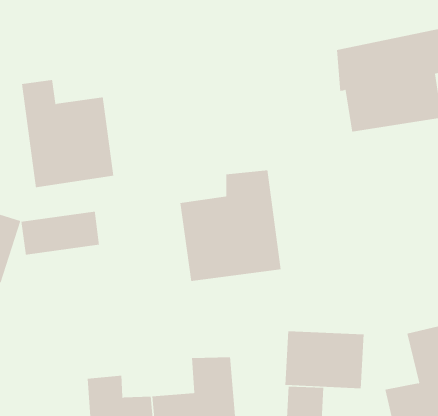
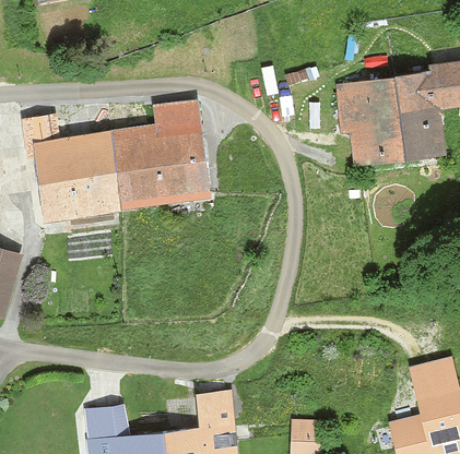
building: [179,170,281,282] -> [107,99,209,211]
building: [21,211,100,256] -> none
building: [285,330,364,389] -> none

